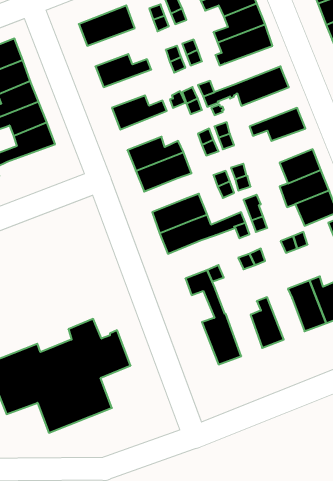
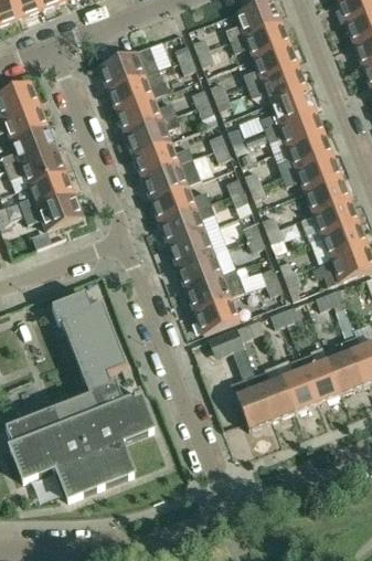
building: none -> [108,71,169,112]
building: none -> [255,89,315,131]
building: none -> [126,115,180,156]
building: none -> [273,134,332,176]
building: none -> [144,159,202,201]
building: none -> [305,178,349,214]
building: none -> [23,194,83,231]
building: none -> [169,231,213,267]
building: none -> [56,279,130,382]
building: none -> [194,297,240,335]
building: none -> [300,353,340,403]
building: none -> [256,371,295,421]

